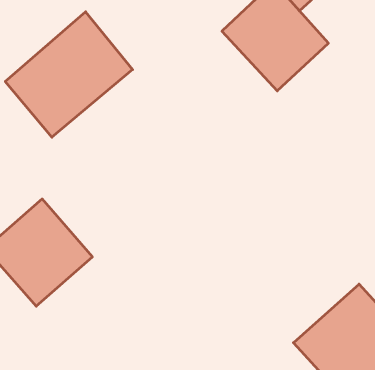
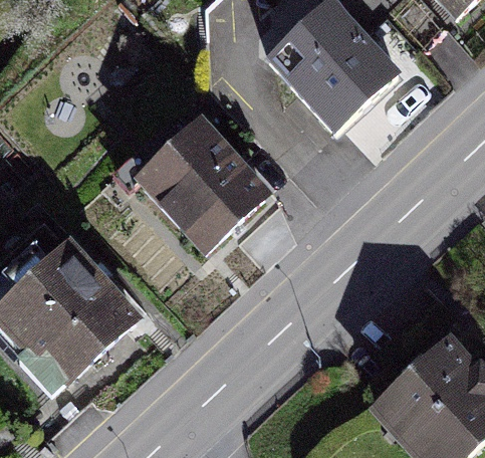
building: [5,12,133,137] -> none
building: none -> [126,131,243,249]

